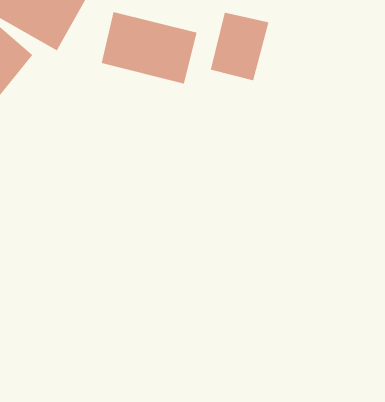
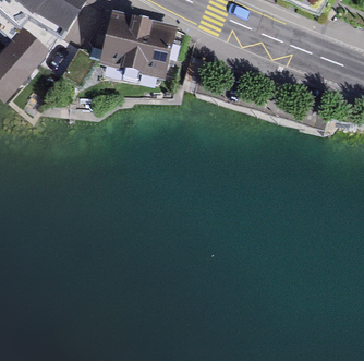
building: [210,12,269,81] -> none

